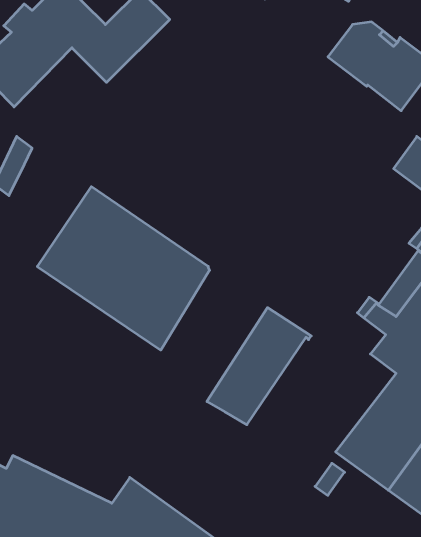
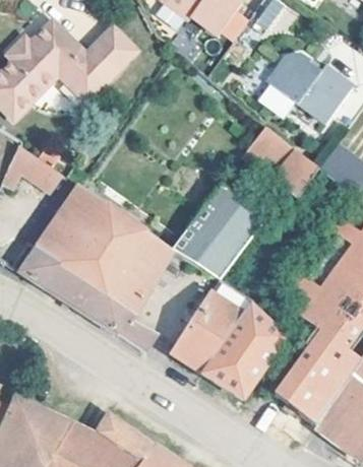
building: none -> [240,126,319,201]
building: none -> [21,153,63,192]
building: none -> [170,185,261,278]
building: none -> [18,247,155,351]
building: none -> [200,303,285,397]

